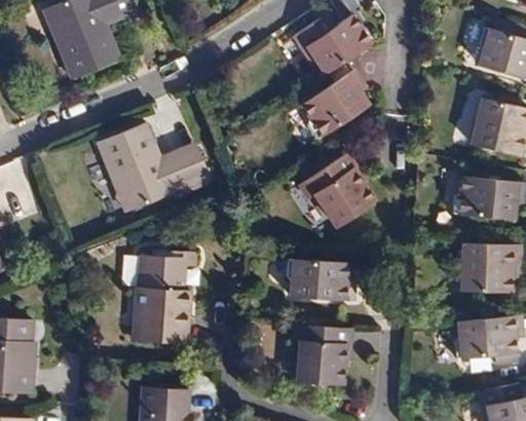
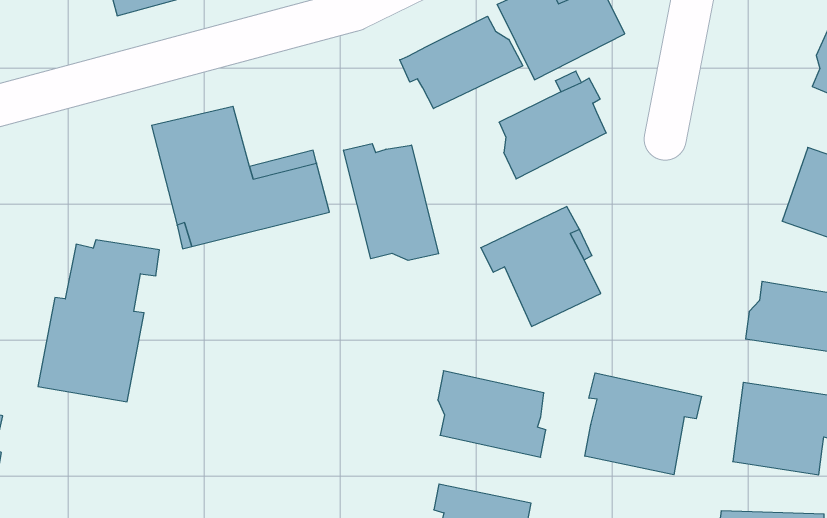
building: none -> [400,16,523,109]
building: none -> [344,144,439,260]
building: [134,248,194,341] -> [38,240,159,402]
building: none -> [585,373,701,475]

